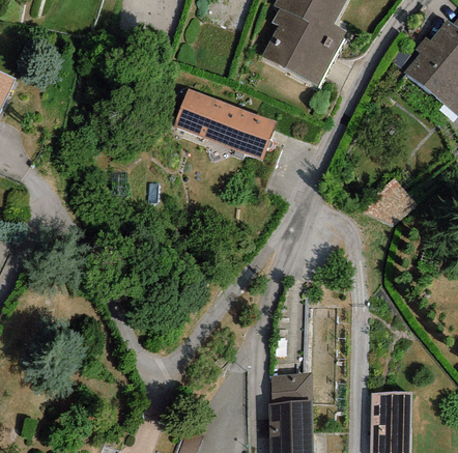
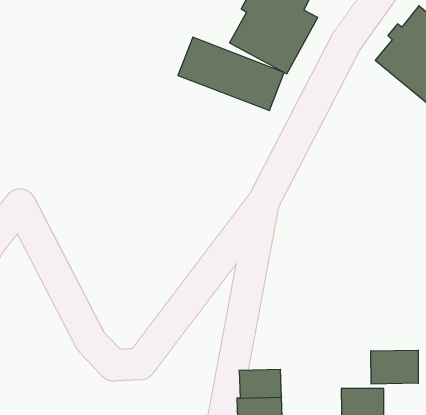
building: [173,88,277,160] -> [178,37,284,111]
building: none -> [371,350,418,384]

